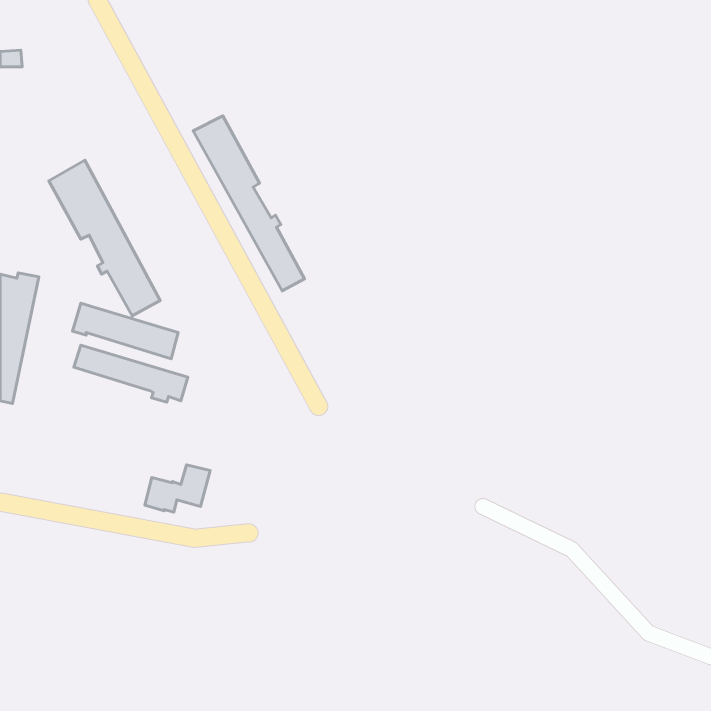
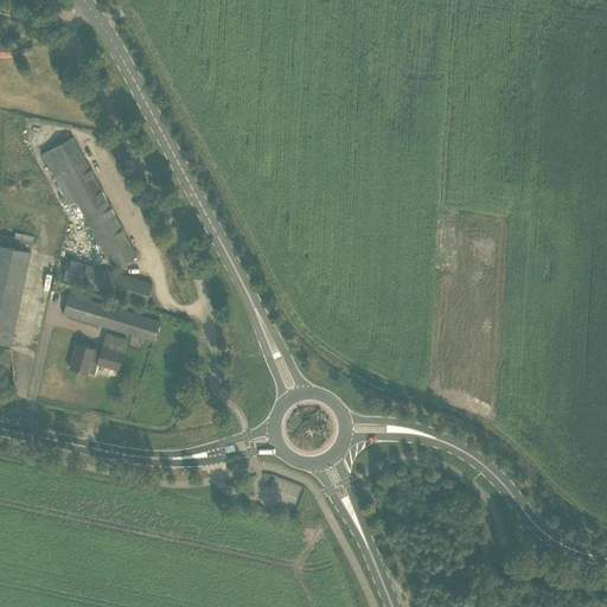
building: [193,116,304,291] -> none
building: [145,465,210,512] -> [70,333,126,373]

